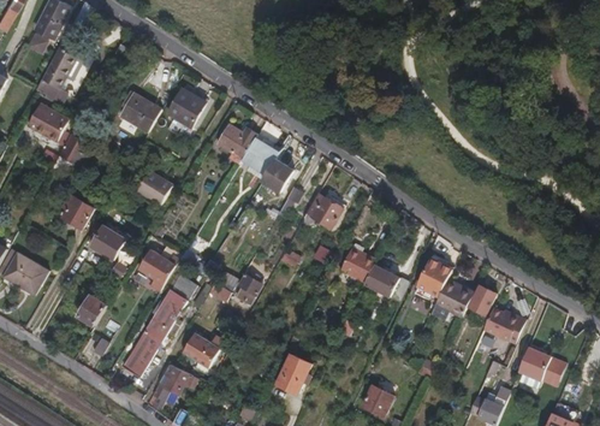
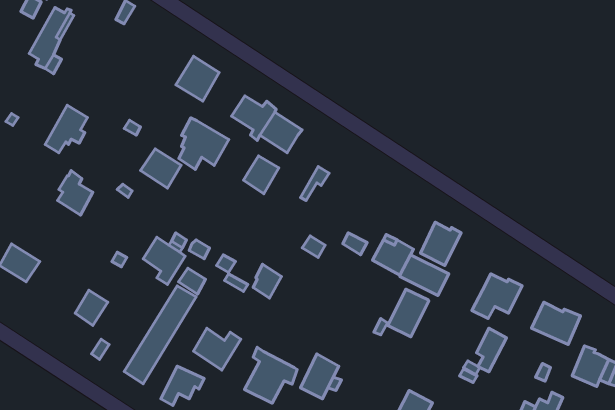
building: [118,88,162,134] -> [179,118,229,169]
building: [28,102,70,142] -> none
building: [262,159,293,193] -> [244,156,279,194]
building: [303,190,345,229] -> none
building: [90,227,125,261] -> none
building: [417,258,453,296] -> [420,222,461,266]
building: [469,285,495,324] -> [476,328,506,372]
building: none -> [388,289,429,337]
building: none -> [244,347,297,403]

